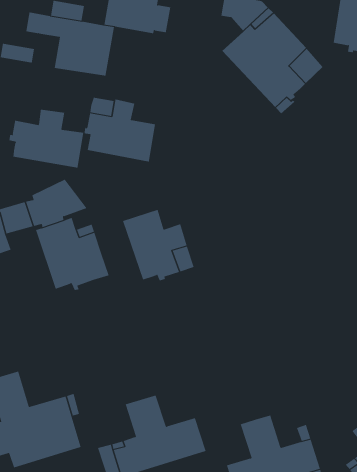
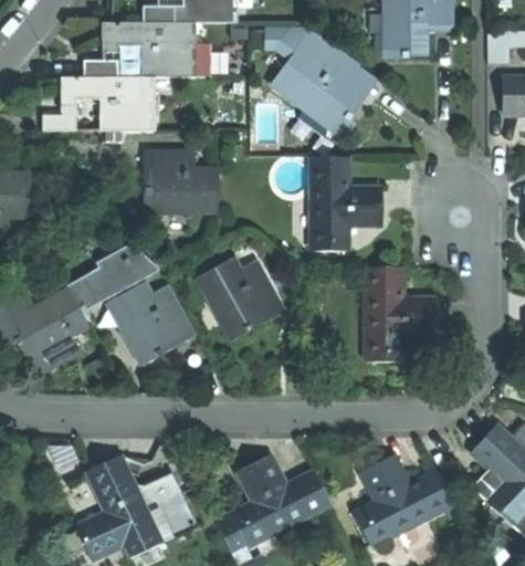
building: [9,109,84,168] -> none
building: none -> [312,156,381,252]
building: none -> [366,268,434,361]

